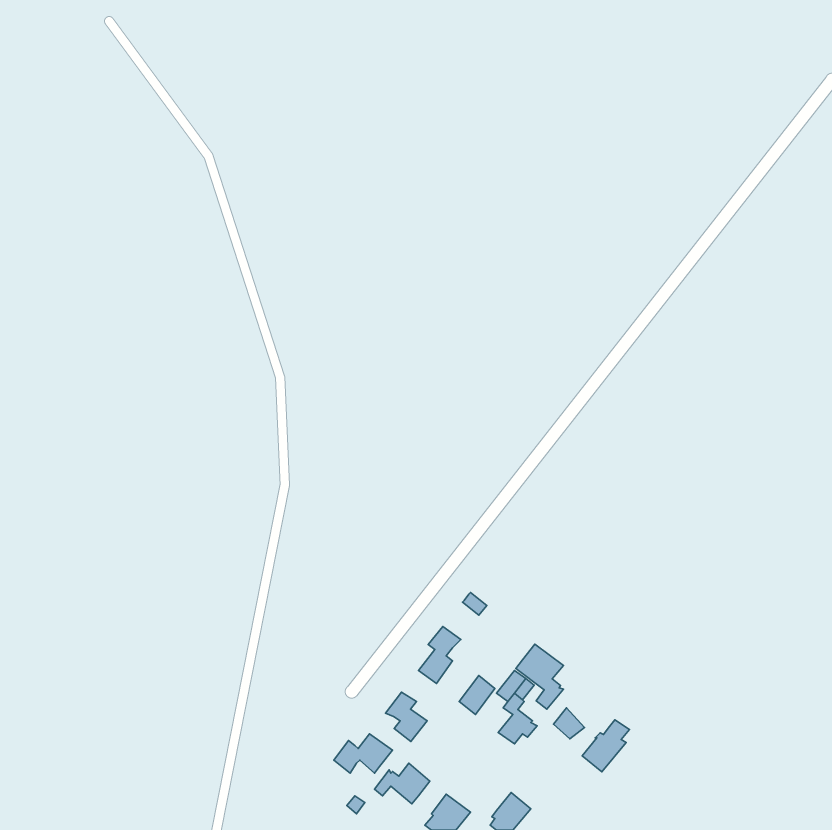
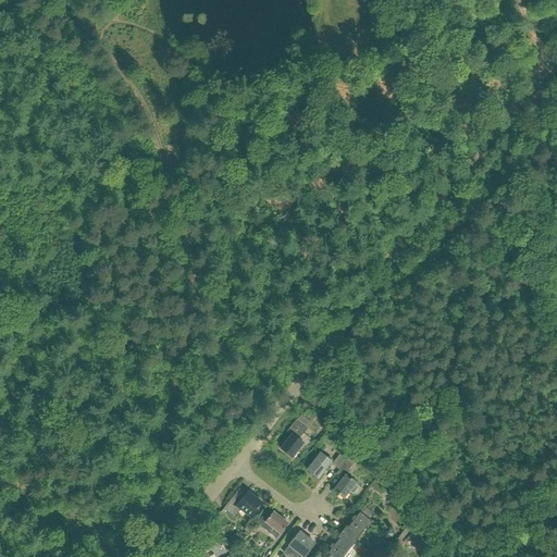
building: [516,644,563,709] -> none
building: [385,692,427,742] -> none
building: [582,720,629,772] -> [342,506,373,541]

